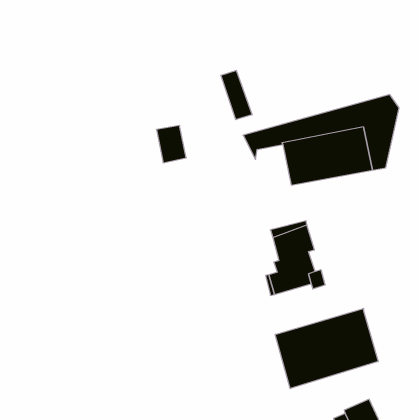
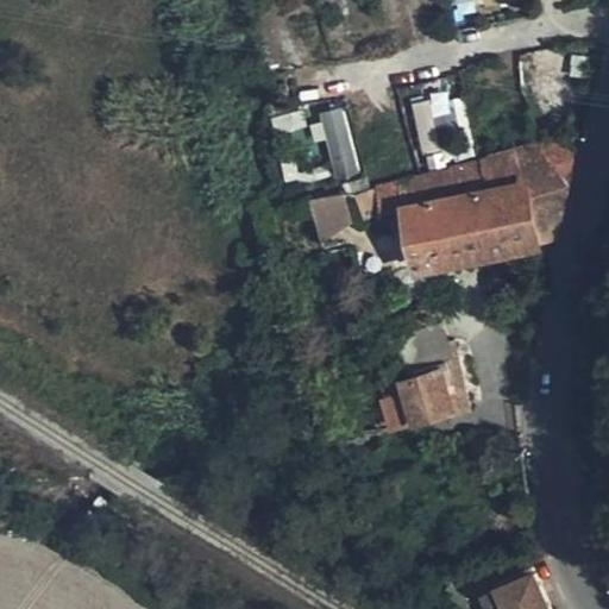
building: [156,125,186,163] -> [309,194,352,247]
building: [275,308,378,389] -> none

